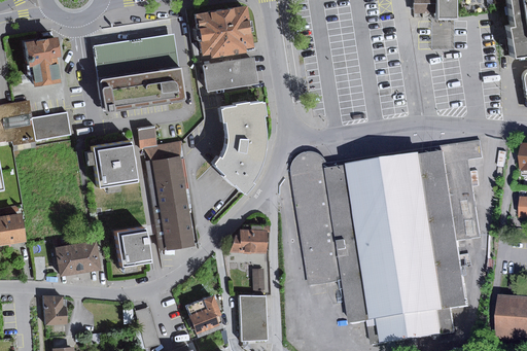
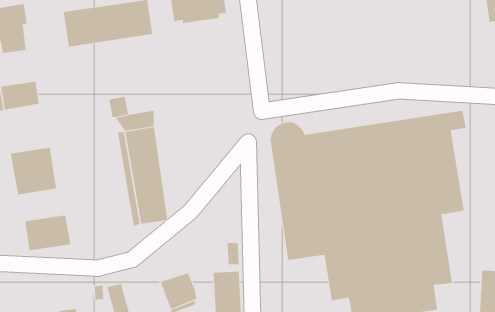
building: [203,57,258,92] -> none
building: [98,67,185,112] -> none
building: [211,100,264,192] -> none
building: [89,141,134,187] -> [10,147,57,195]
building: [231,224,268,252] -> none
building: [112,226,147,265] -> none
building: [44,295,67,324] -> none

